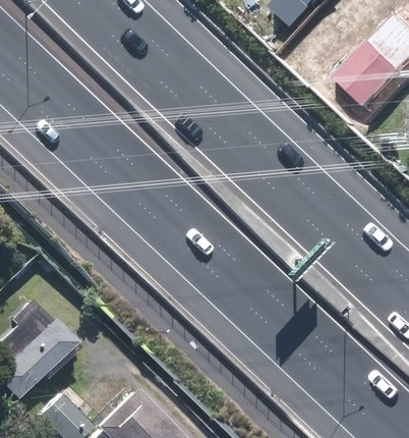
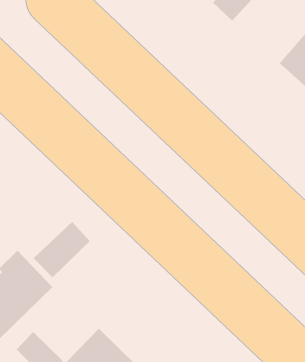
building: none -> [33,221,91,278]

